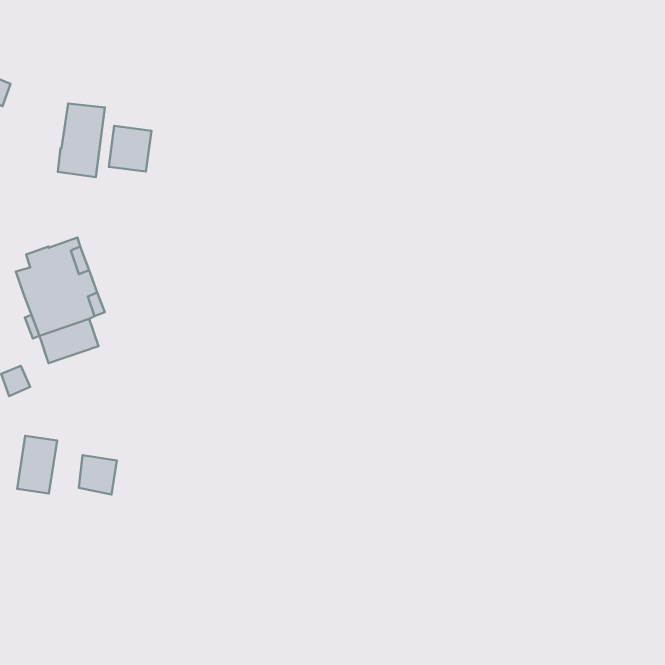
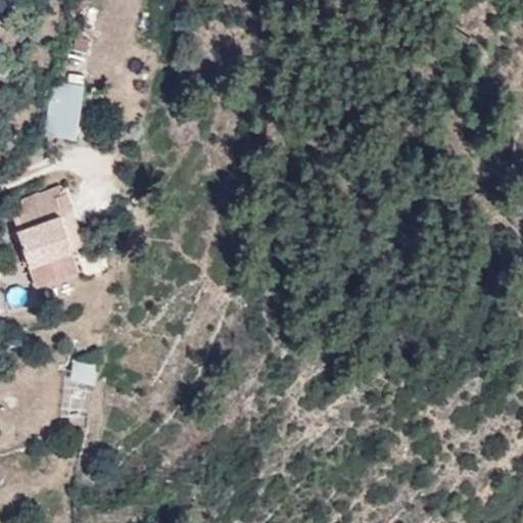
building: [109,126,151,171] -> none
building: [17,436,57,494] -> none

